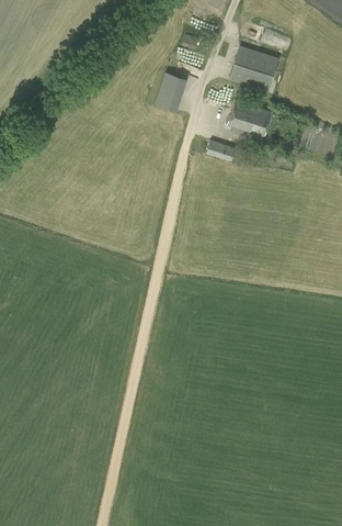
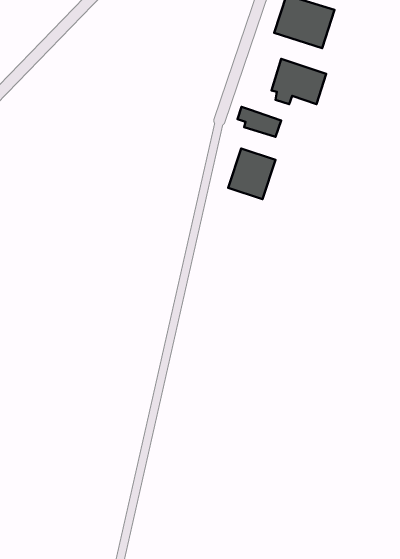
building: [155,71,186,110] -> none
building: none -> [228,149,276,199]

